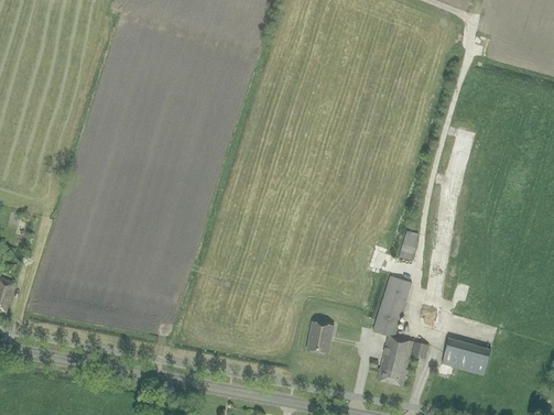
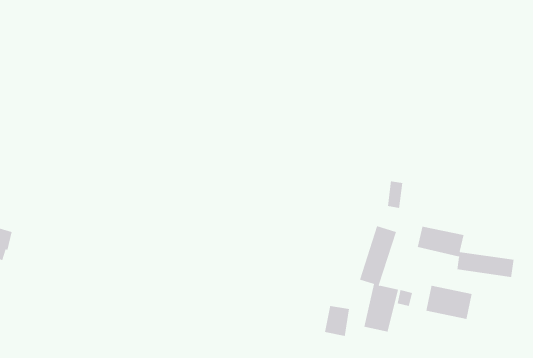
building: none -> [417,226,514,278]
building: [306,321,333,353] -> [324,306,350,336]

